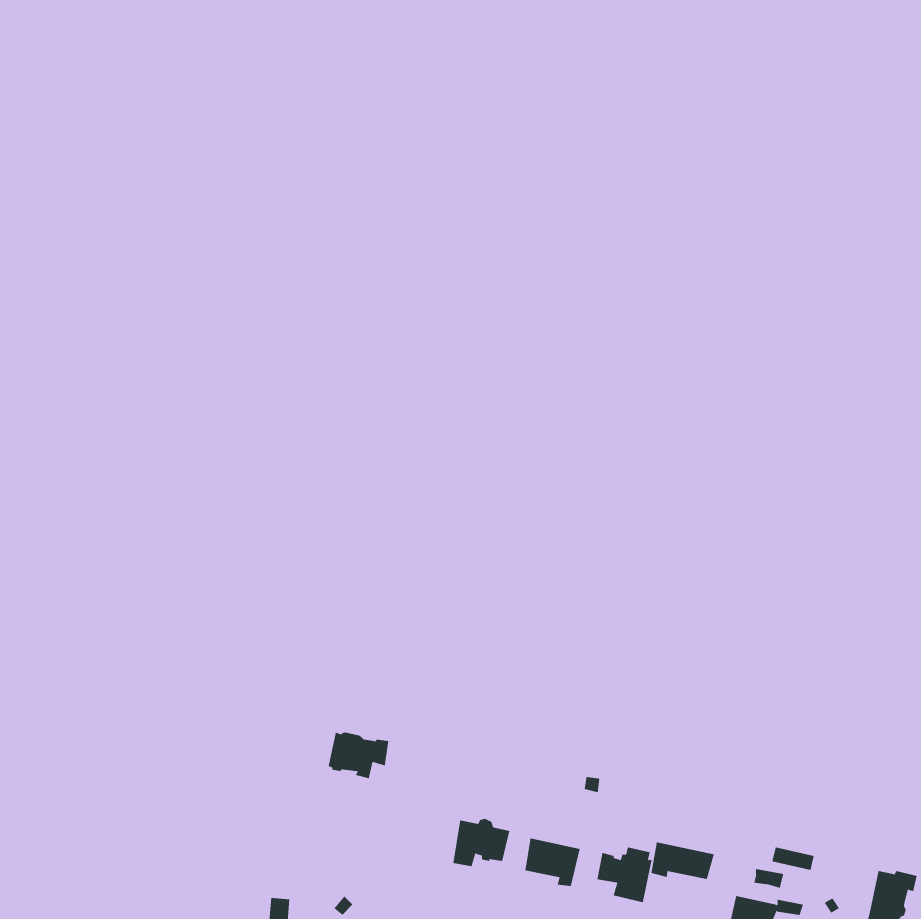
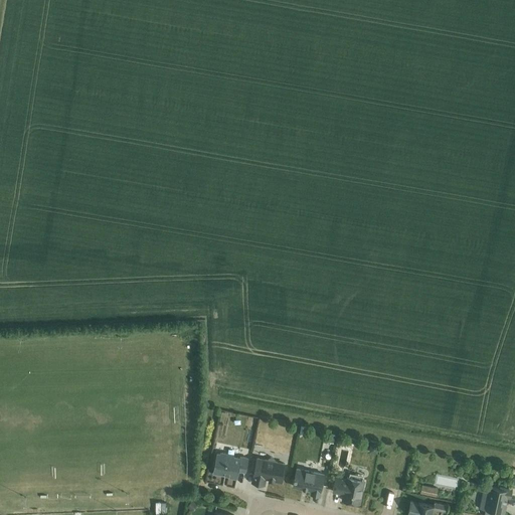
building: [328,732,389,779] -> [213,454,247,480]
building: [651,842,714,880] -> none

